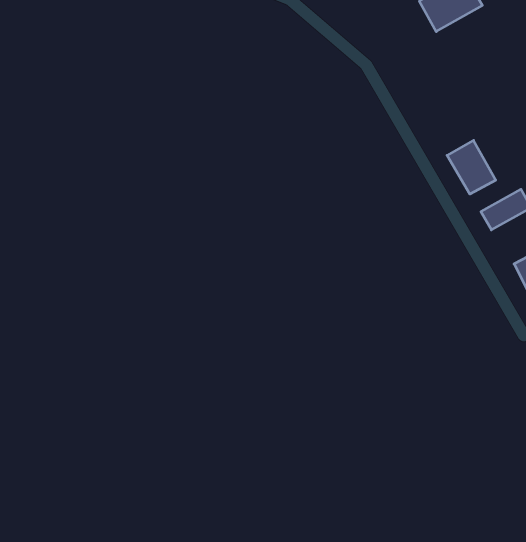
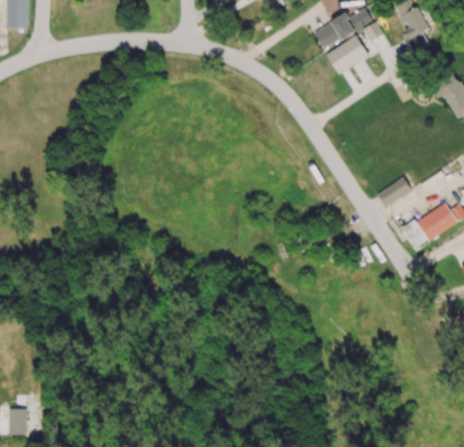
building: [447,140,496,194] -> none

